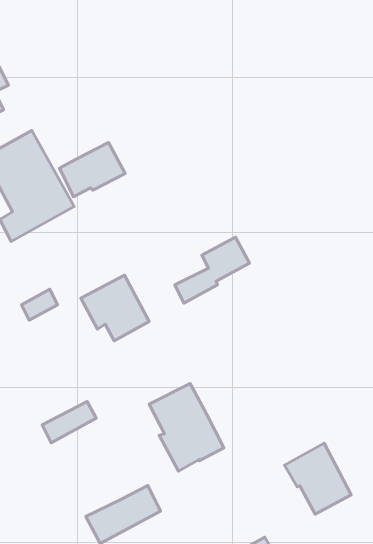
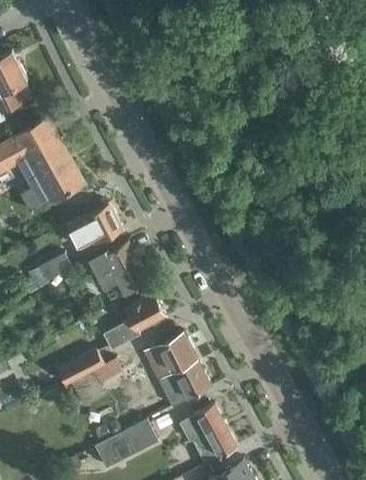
building: [59,143,125,197] -> [67,203,122,249]
building: [175,237,250,303] -> [102,293,165,349]
building: none -> [69,360,121,409]
building: [284,443,351,514] -> [178,405,235,465]

